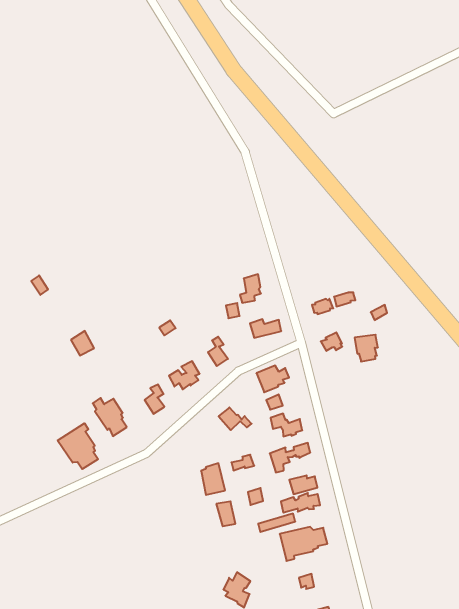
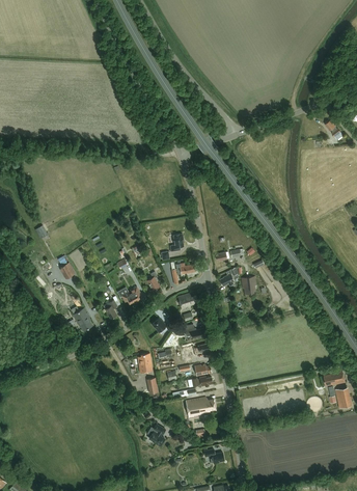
building: [58,423,98,469] -> none

